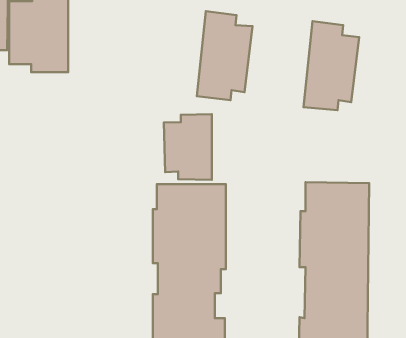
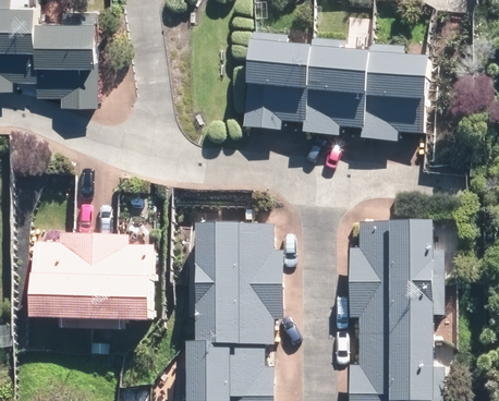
building: none -> [299,38,360,135]
building: [164,114,212,180] -> none
building: none -> [34,244,148,323]

